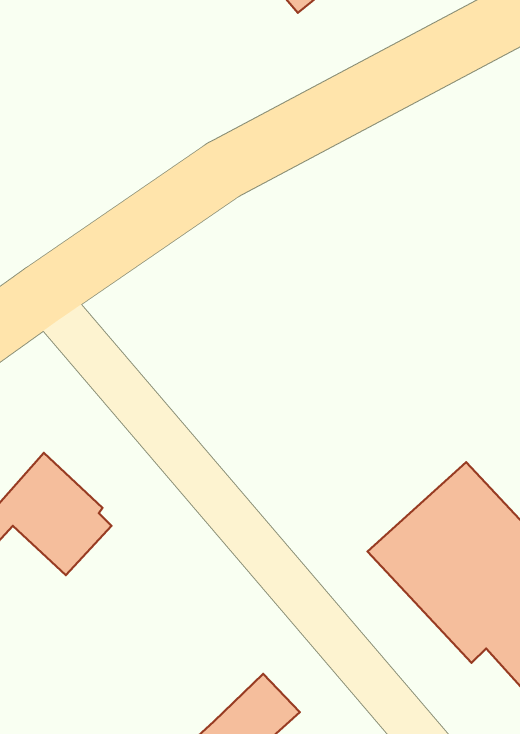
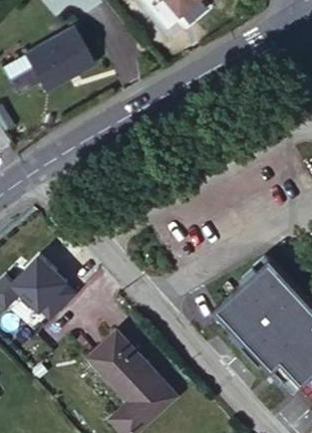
building: none -> [22,25,94,89]
building: none -> [87,334,159,404]

